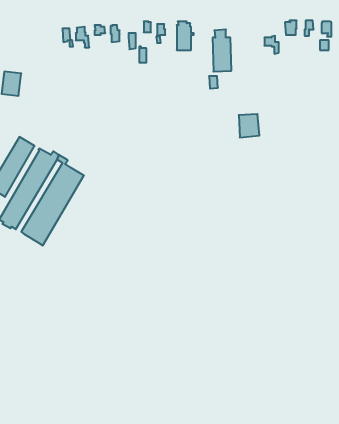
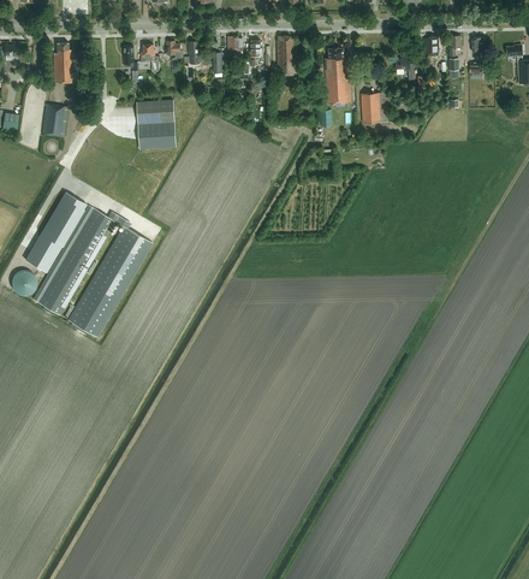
building: none -> [52,41,78,82]
building: none -> [136,99,176,148]
building: [239,114,259,137] -> [361,91,388,123]

